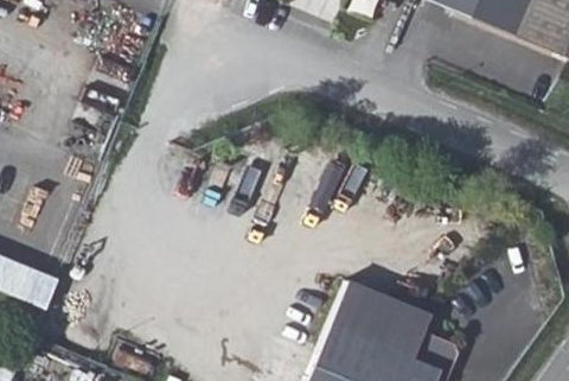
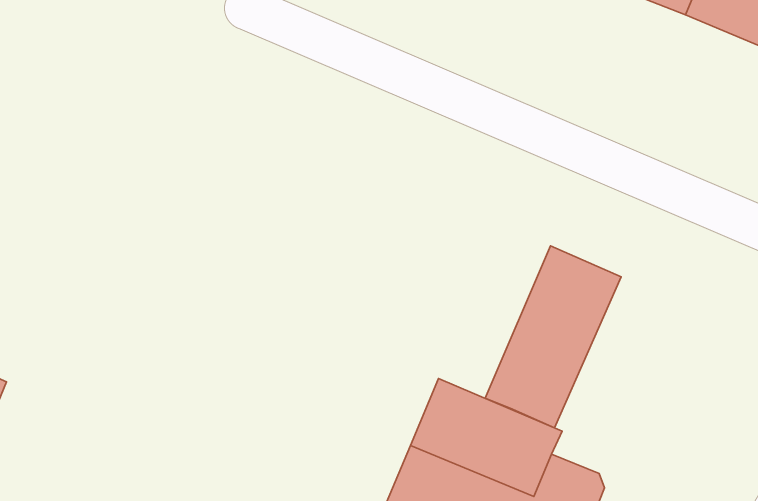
building: none -> [485,246,621,428]

